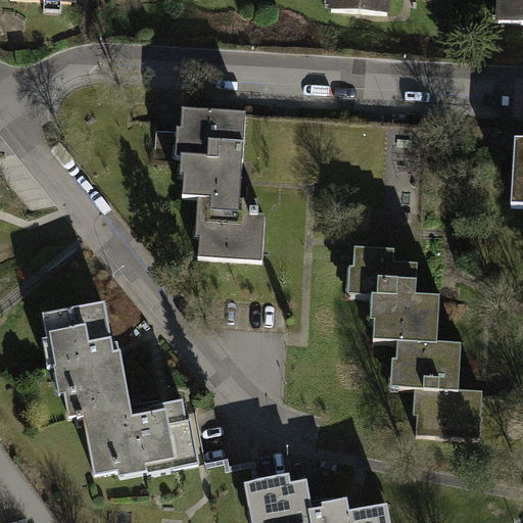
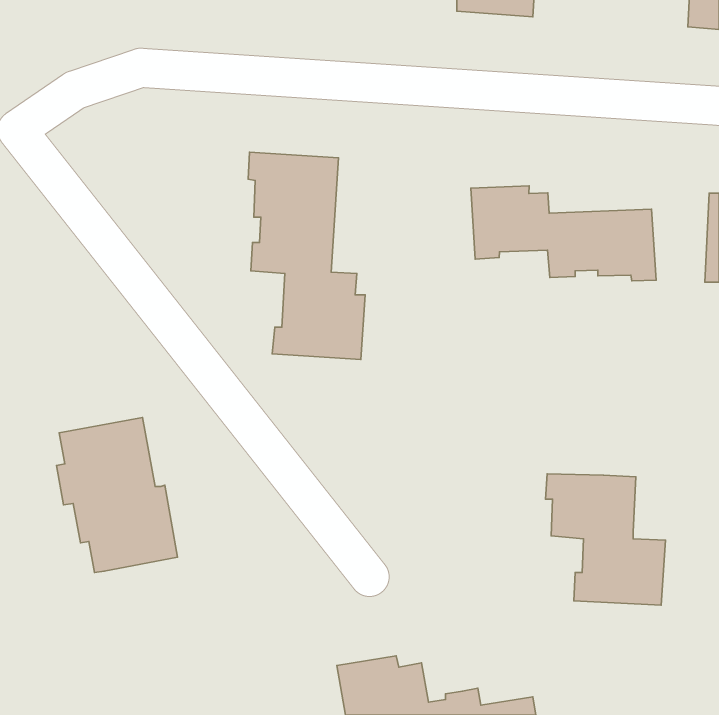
building: none -> [471,186,656,281]
building: [353,249,439,344] -> none
building: [76,400,197,474] -> none

